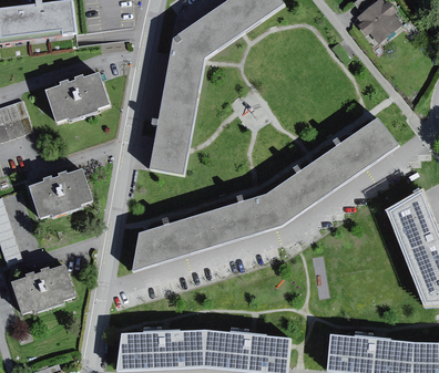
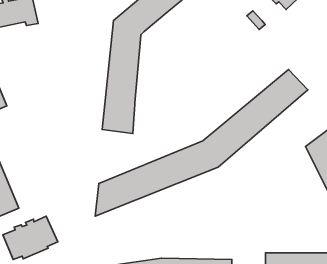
building: [44,73,110,122] -> none
building: [35,170,100,220] -> none

